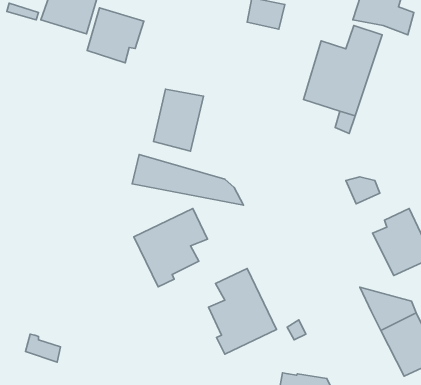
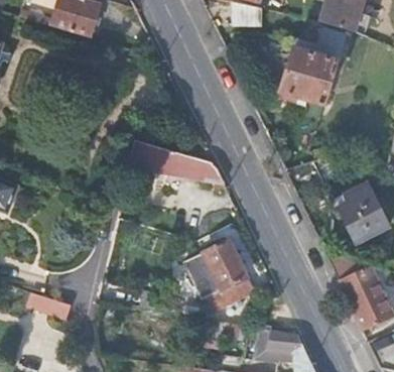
building: [87,8,144,63] -> none
building: [154,89,204,151] -> none
building: [134,208,208,287] -> none

